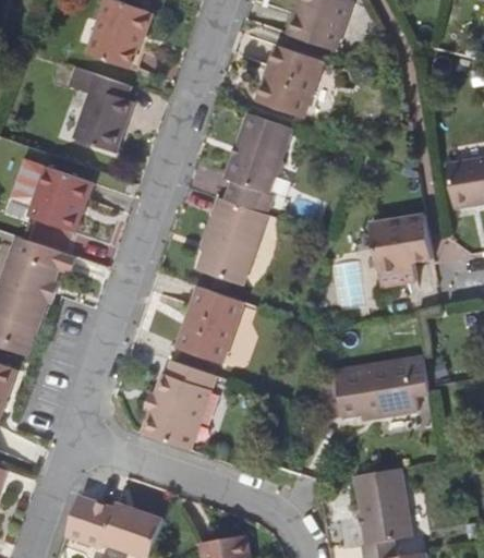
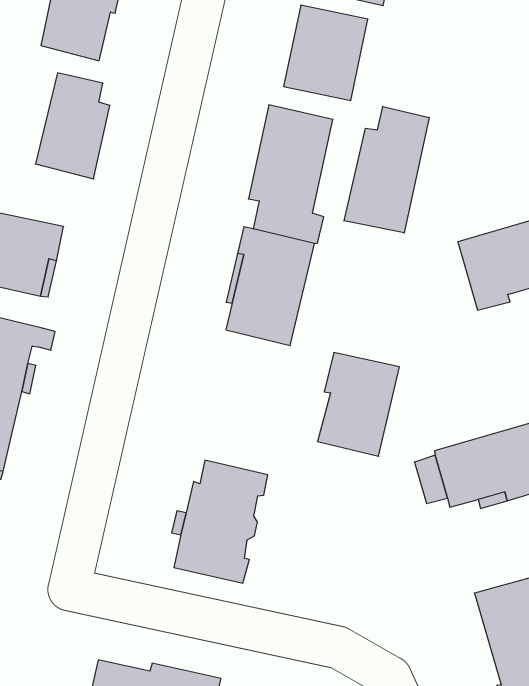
building: none -> [344,106,429,233]
building: [181,288,245,365] -> [317,353,399,456]

